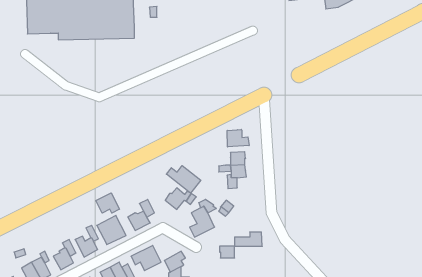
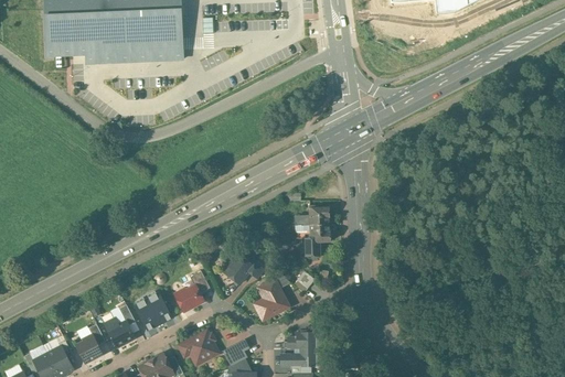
building: [227,129,249,147] -> none
building: [166,166,201,193] -> none
building: [96,193,119,213] -> none
building: [235,232,262,246] -> [280,347,317,366]

